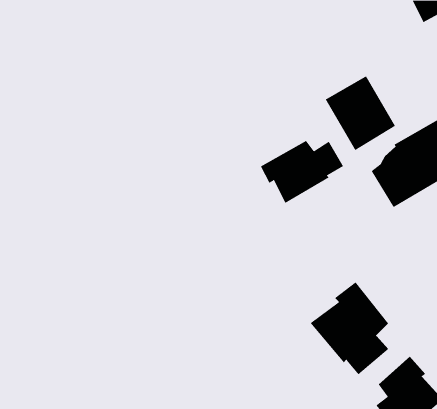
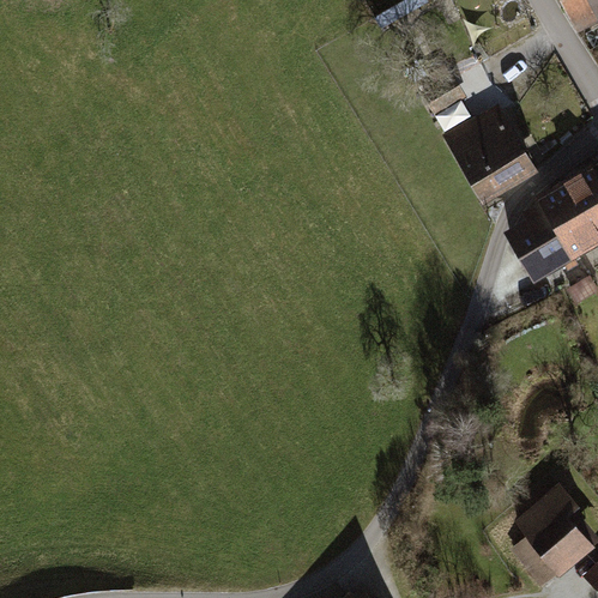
building: [260,140,344,204] -> none
building: [310,281,389,375] -> none

